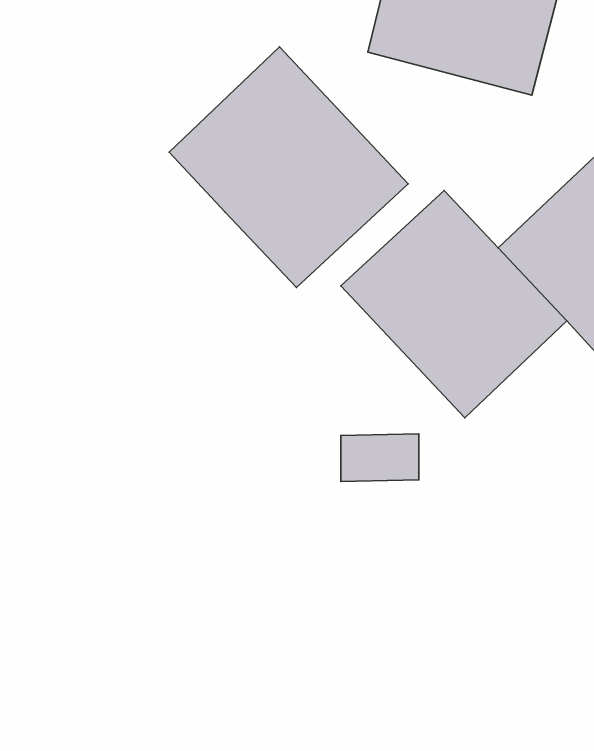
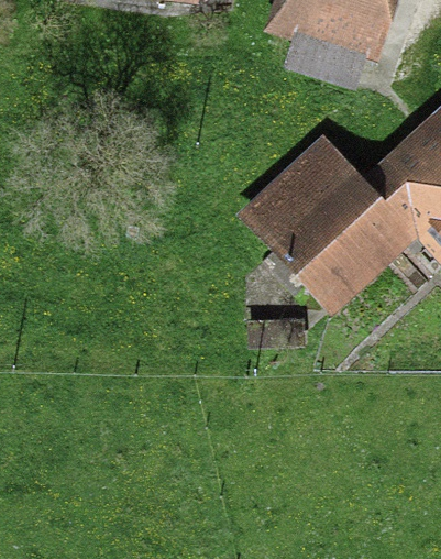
building: [169,47,408,288] -> none

